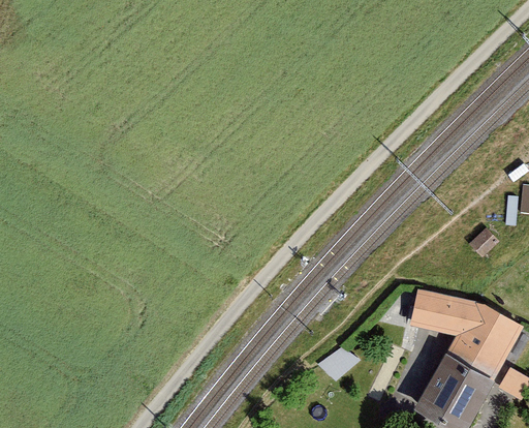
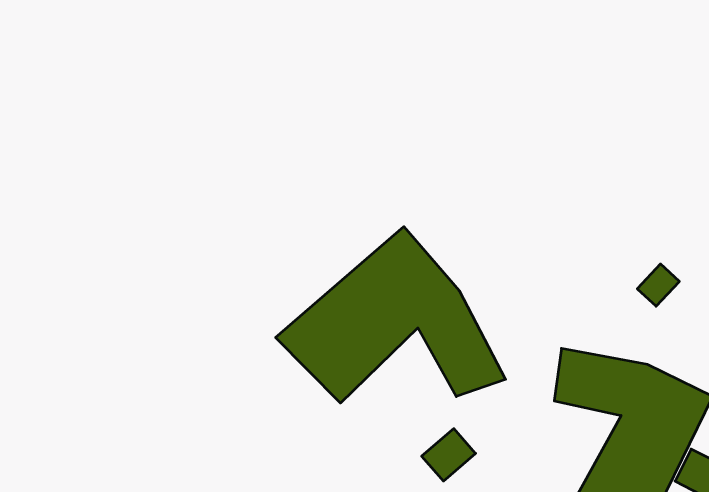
building: none -> [276,227,506,403]

